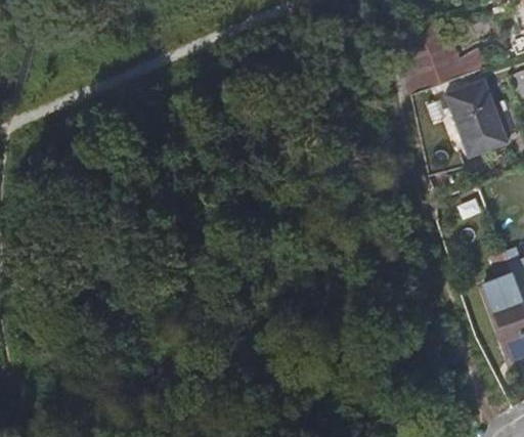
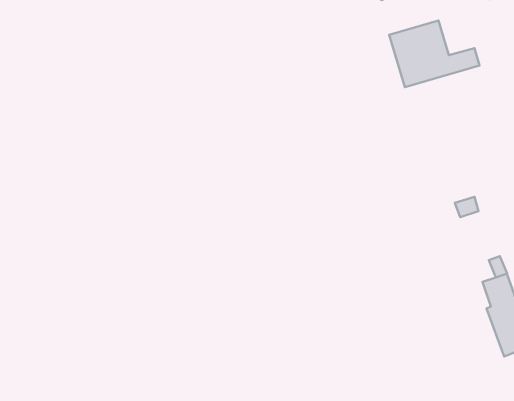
building: [444,80,509,157] -> none

